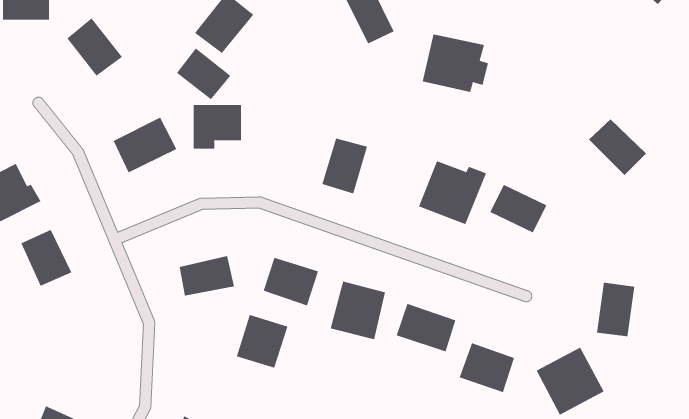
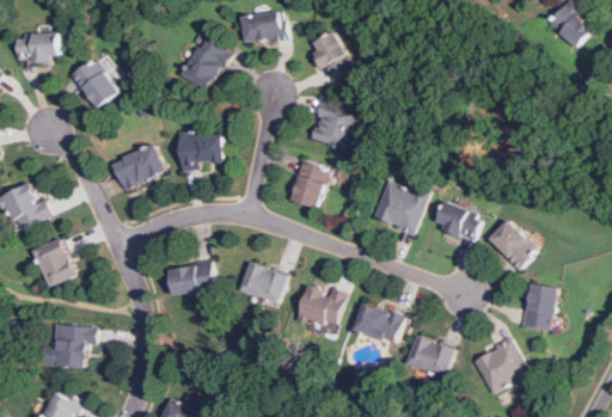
building: [422,34,489,93] -> [310,100,367,151]
building: [176,47,231,100] -> none
building: [588,118,647,176] -> [486,220,537,269]
building: [236,314,288,369] -> none
building: none -> [53,325,91,367]

